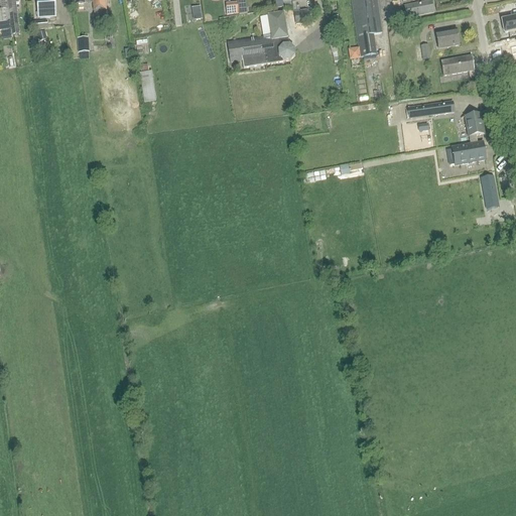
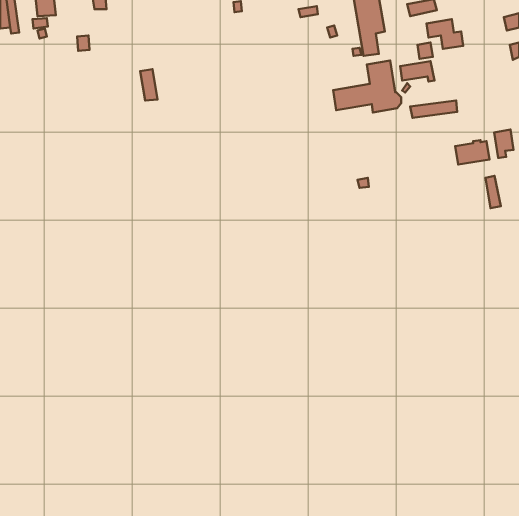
building: [227,11,294,62] -> [333,61,401,112]
building: [440,54,475,75] -> [400,61,435,82]
building: [465,112,484,140] -> [494,130,513,158]

